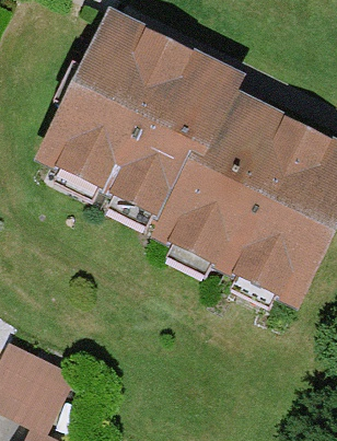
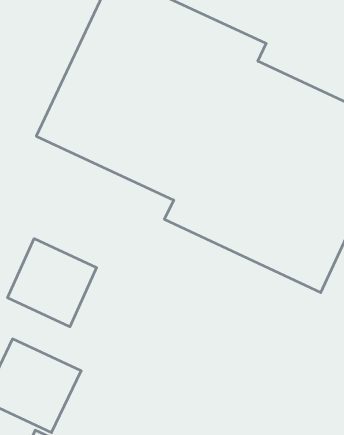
building: none -> [8,239,97,327]

